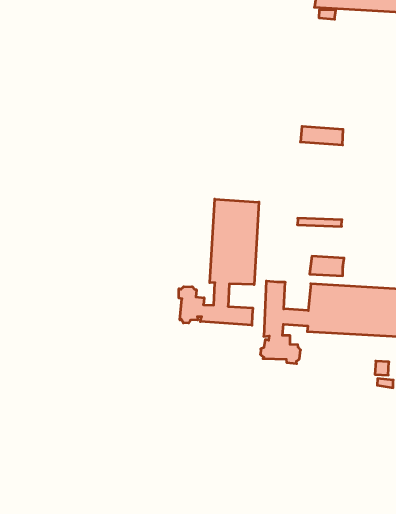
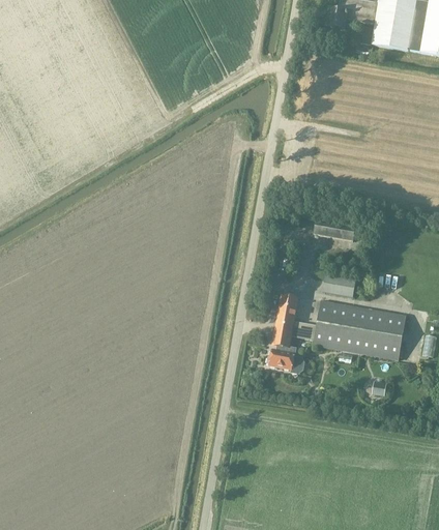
building: [300,126,343,145] -> [315,218,356,240]
building: [179,199,259,325] -> none

